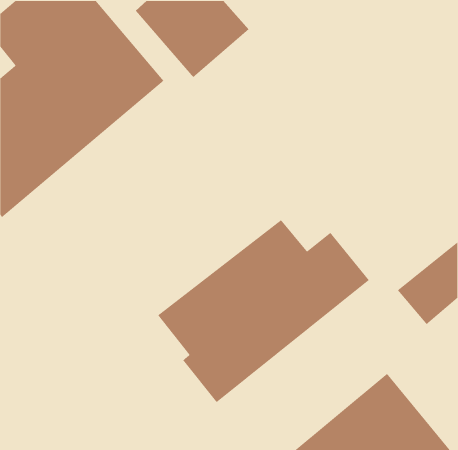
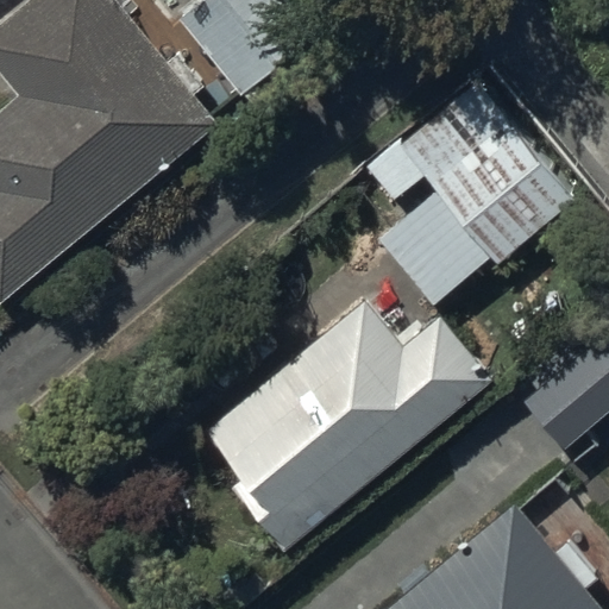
building: none -> [383,83,573,302]

